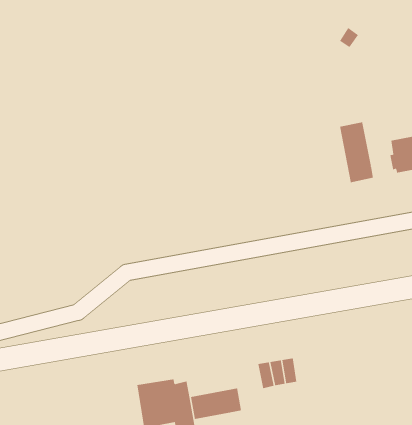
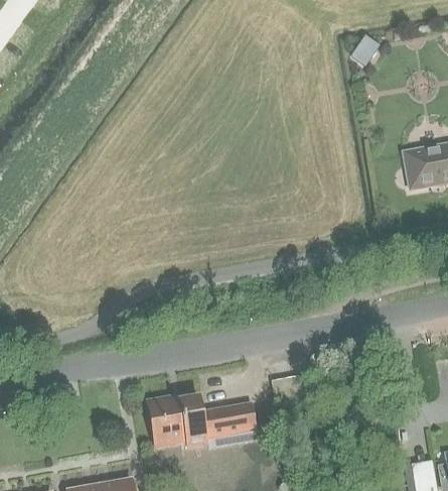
building: [339,121,374,183] -> none

